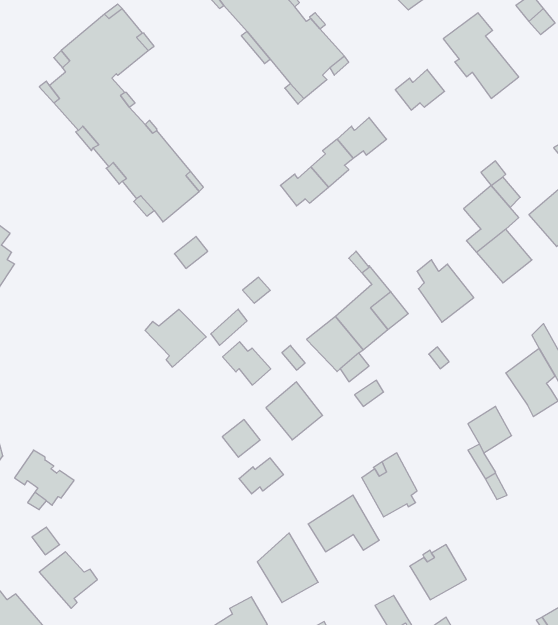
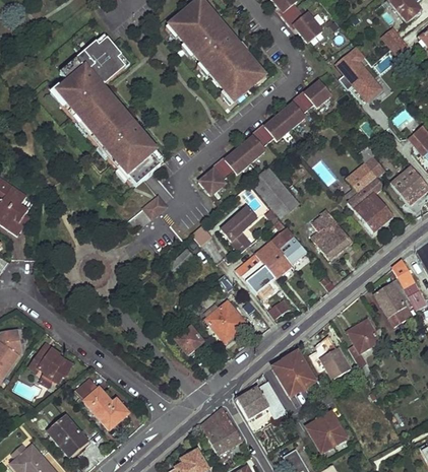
building: none -> [279,95,308,130]
building: none -> [198,162,228,197]
building: none -> [249,166,298,217]
building: none -> [220,205,257,252]
building: [145,309,206,367] -> none
building: [223,342,271,385] -> none
building: none -> [320,348,353,381]
building: [239,458,283,494] -> none
building: none -> [76,382,128,431]

